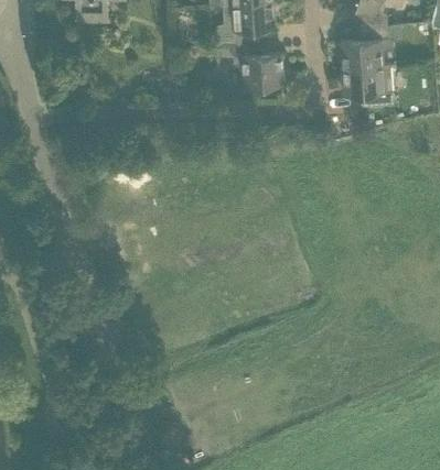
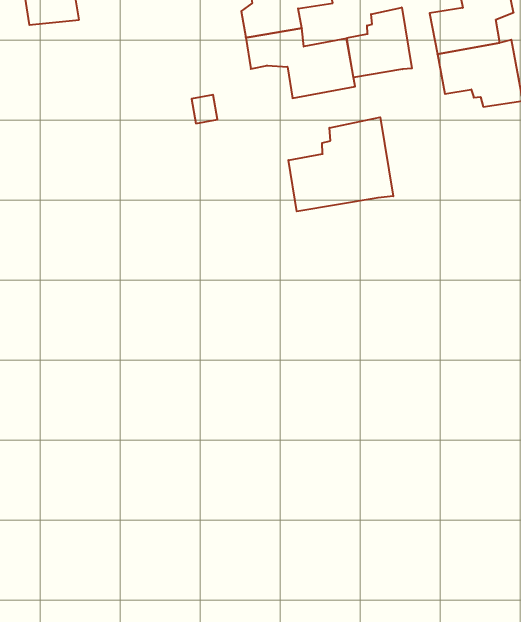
building: none -> [347,7,412,77]
building: none -> [288,117,393,211]

